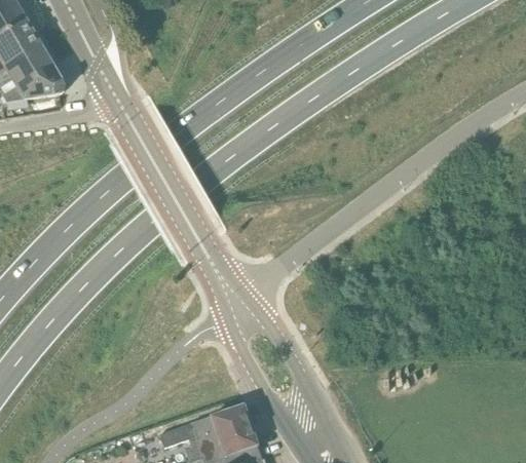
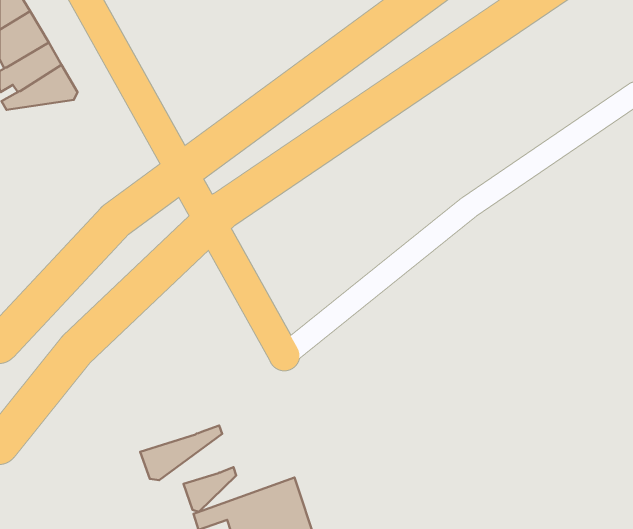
building: none -> [140,425,222,480]
building: none -> [184,467,236,512]

